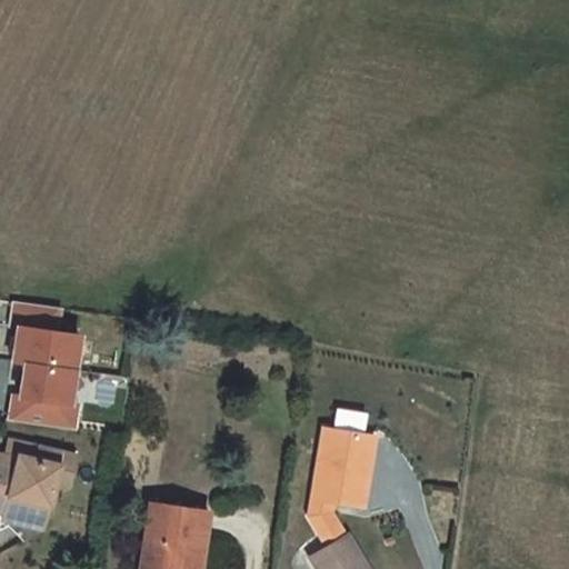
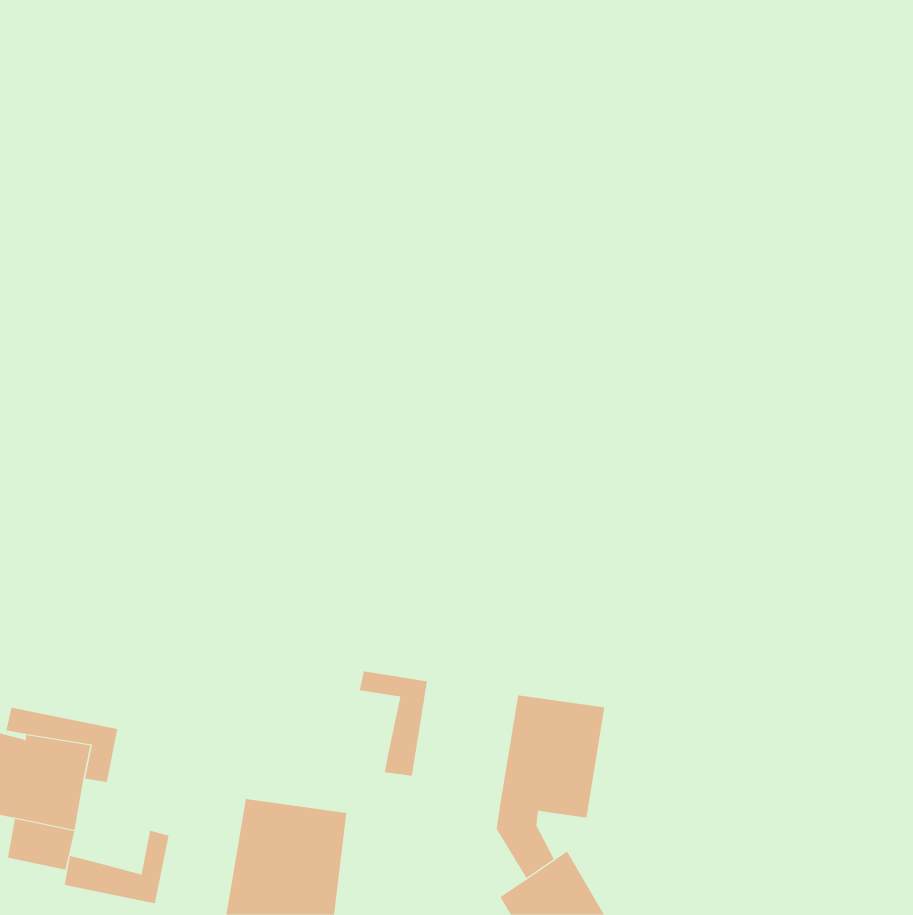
building: [11,302,79,431] -> none
building: none -> [359,670,428,777]
building: none -> [64,830,169,904]

